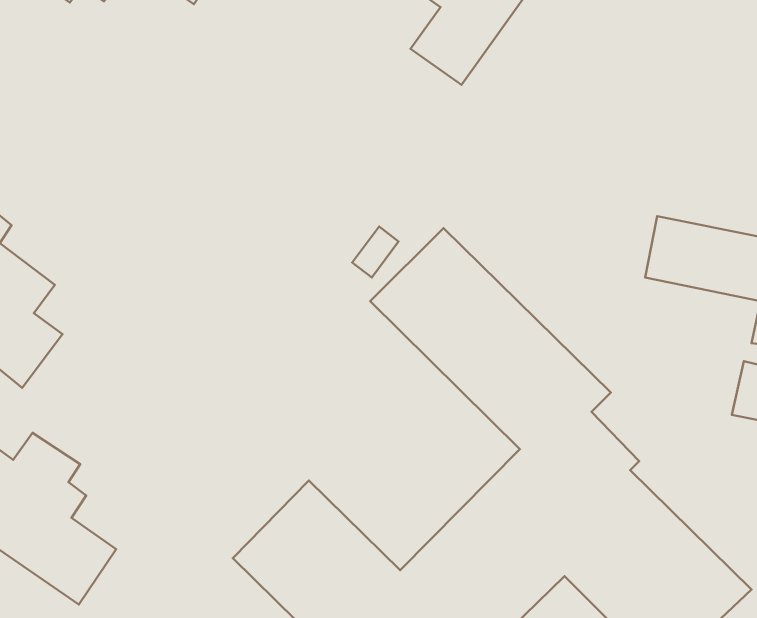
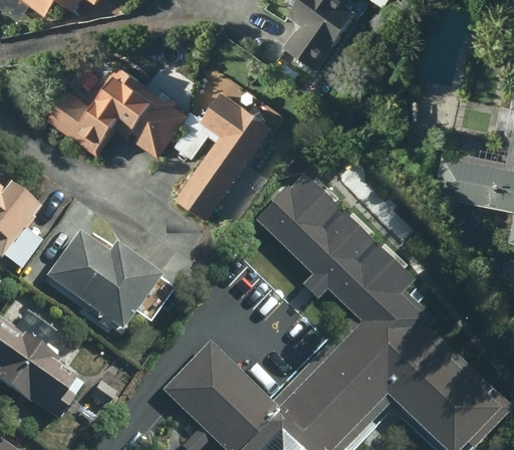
building: none -> [49,63,182,154]
building: none -> [175,88,274,217]
building: none -> [46,233,170,340]

